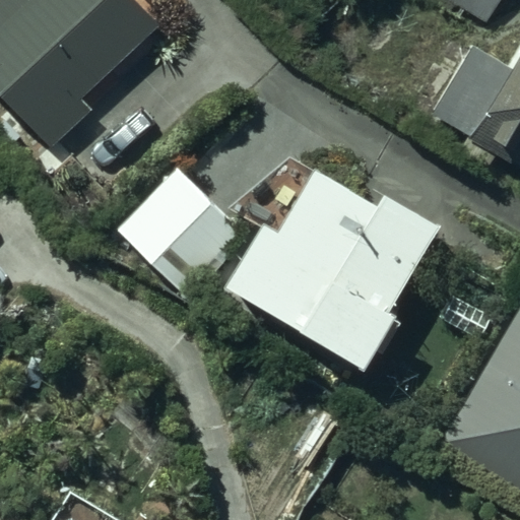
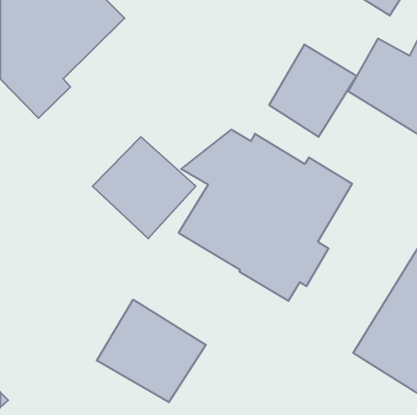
building: none -> [269,44,357,137]
building: none -> [97,300,206,402]

